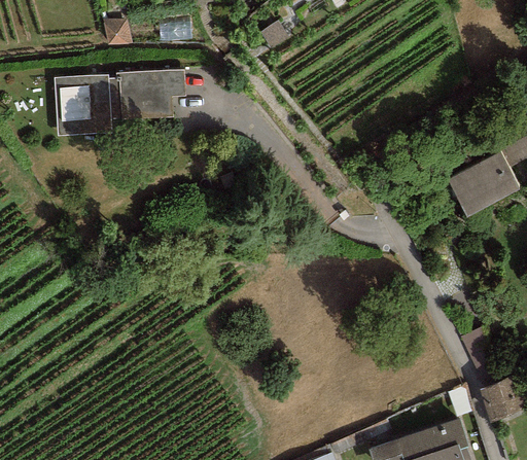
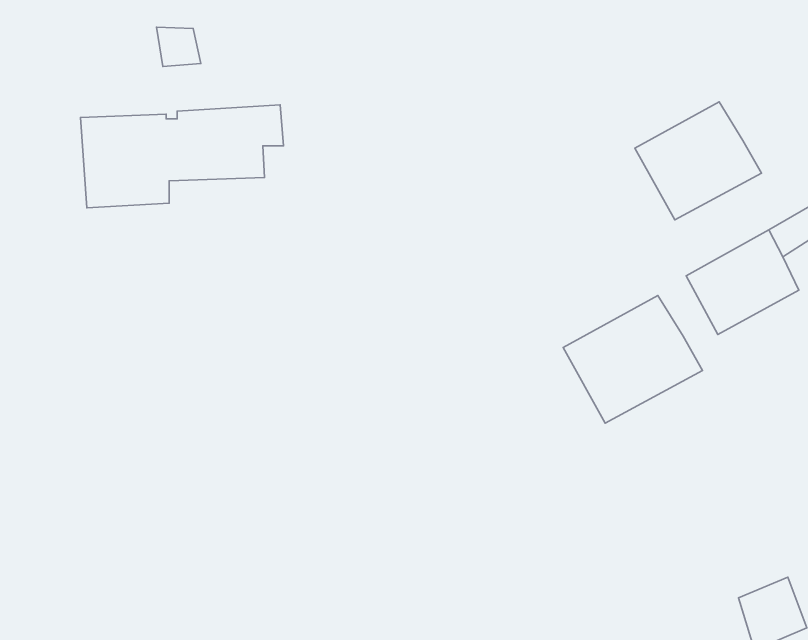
building: none -> [635,102,761,220]
building: none -> [563,295,703,423]

